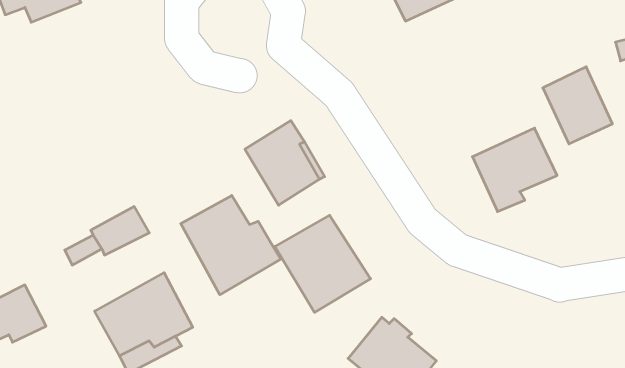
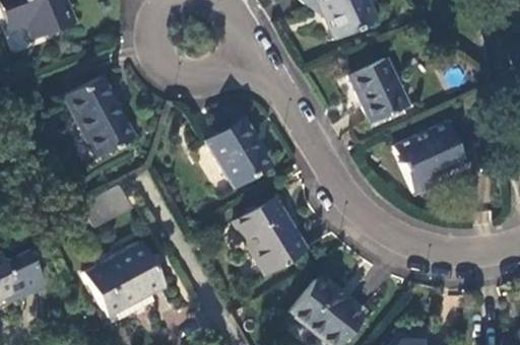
building: [543,67,612,144] -> [350,61,407,124]
building: none -> [63,78,134,158]
building: [181,195,281,295] -> none

